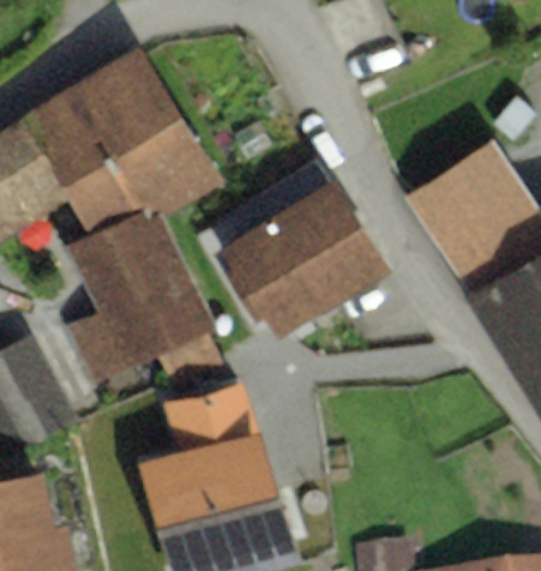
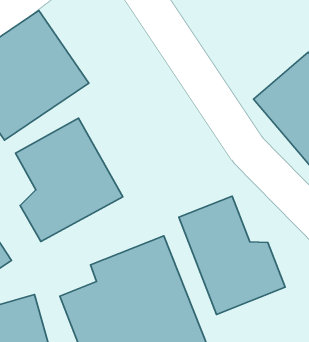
building: [196,173,368,330] -> none
building: none -> [179,196,285,315]

